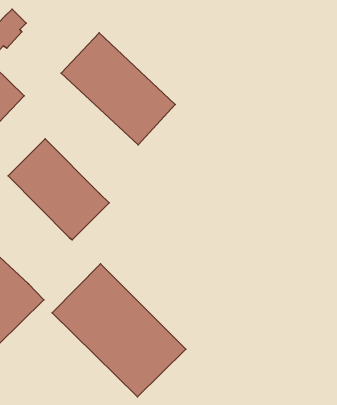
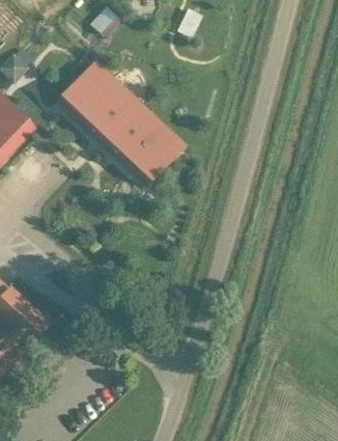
building: [8,139,109,240] -> none
building: [52,264,186,397] -> none

